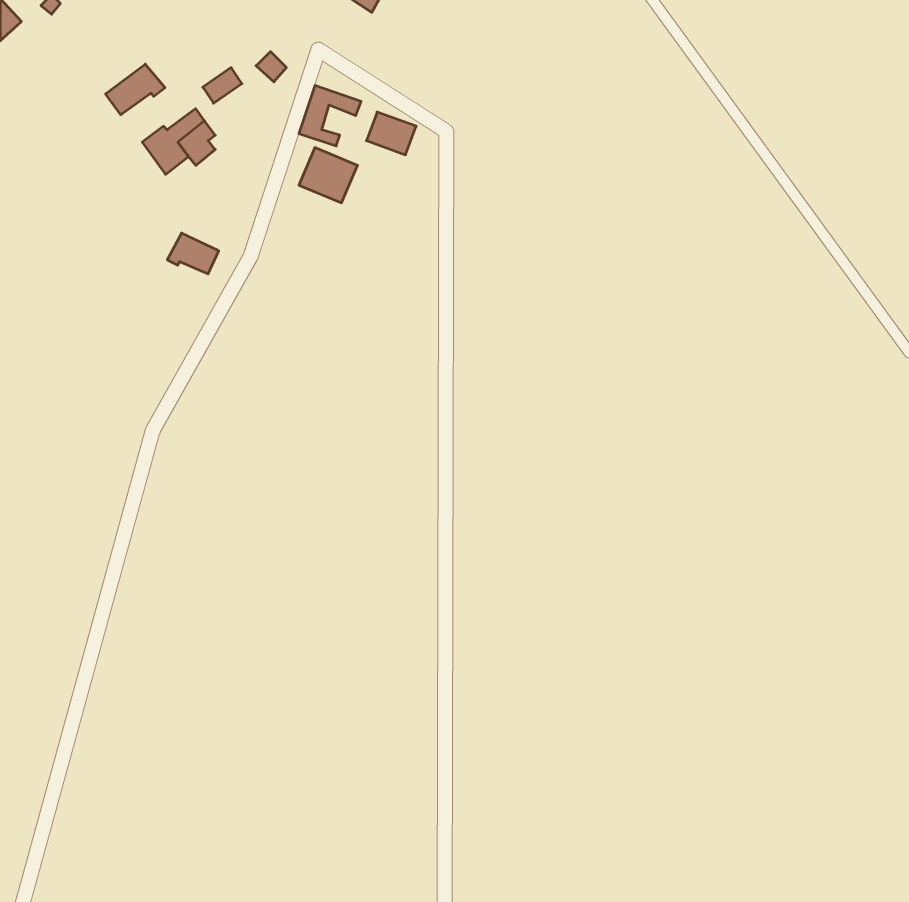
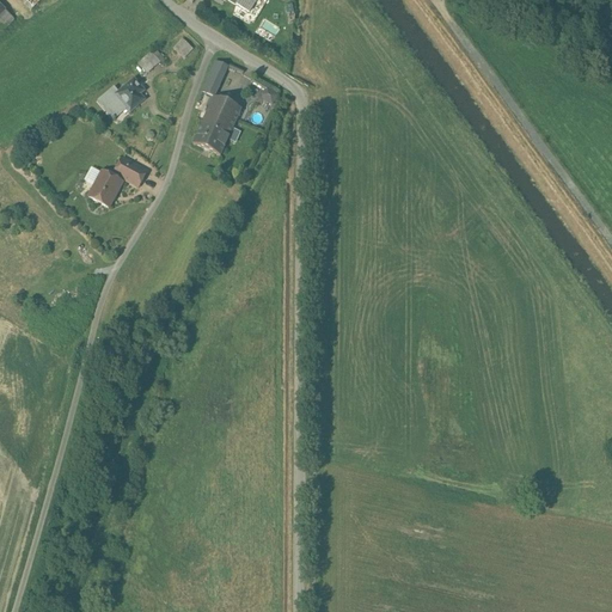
building: [106,64,165,115] -> none
building: none -> [192,124,230,155]
building: none -> [90,170,123,206]

